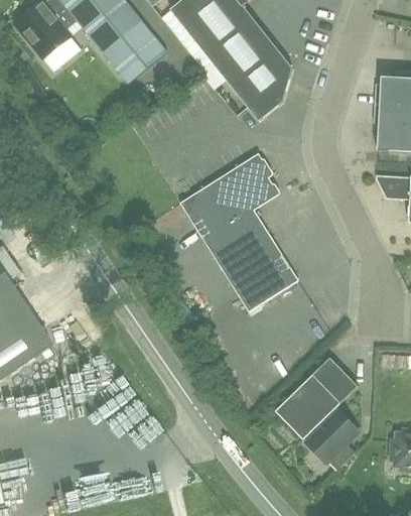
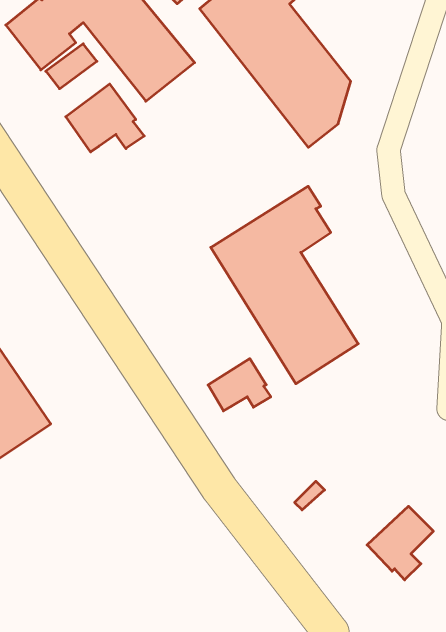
building: none -> [66,84,144,152]
building: none -> [208,359,271,411]
building: [276,357,359,439] -> none

